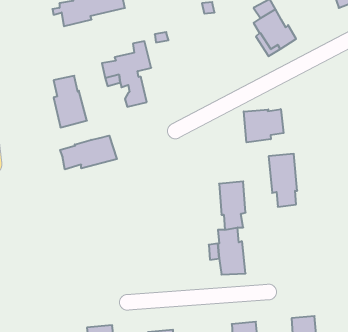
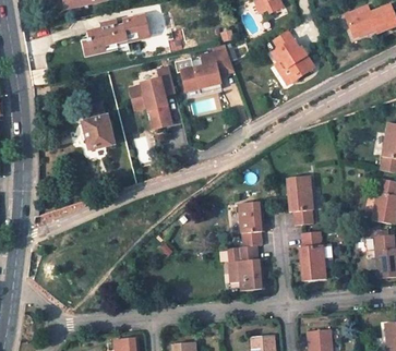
building: none -> [181,51,232,93]
building: [244,109,284,142] -> none
building: [60,136,117,169] -> none
building: none -> [299,232,325,280]

